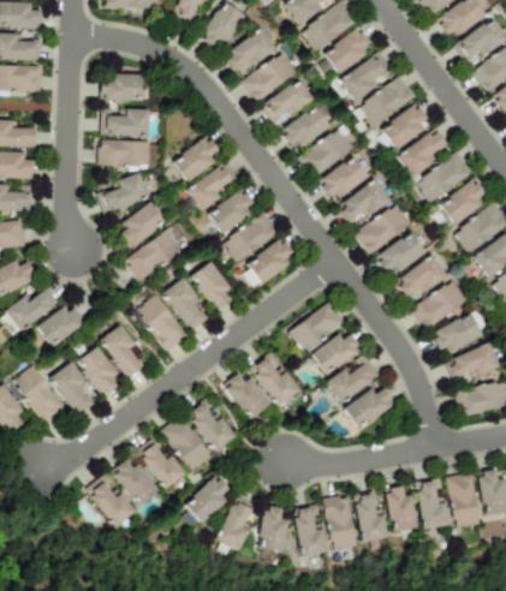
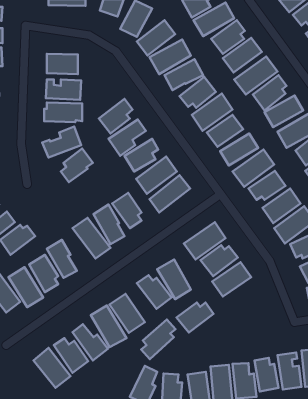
building: [126,229,183,280] -> none
building: [344,388,394,429] -> [176,302,214,332]
building: [181,474,228,529] -> [141,319,176,359]

